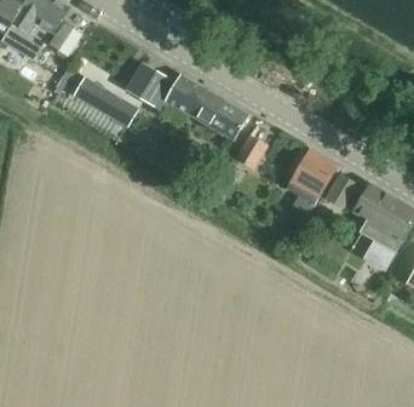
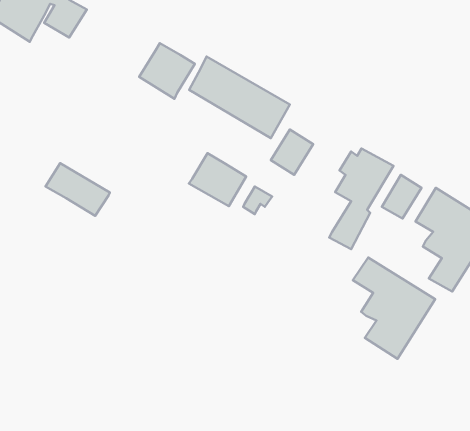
building: [73,76,126,120] -> [46,163,110,216]
building: none -> [189,153,246,206]
building: none -> [353,258,435,359]

